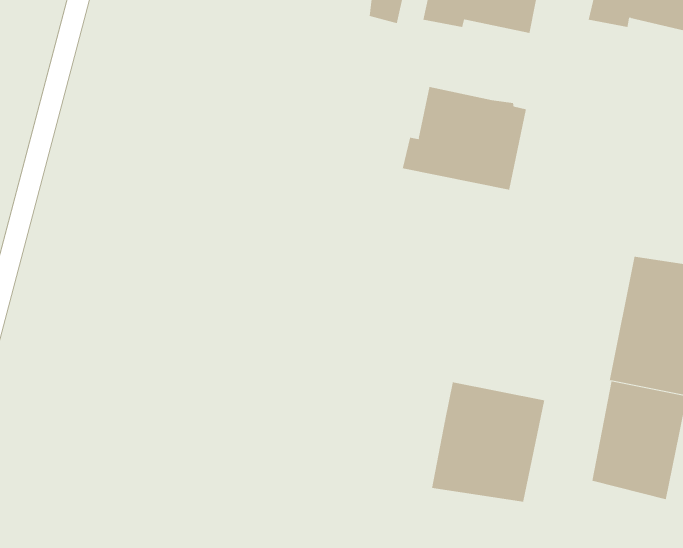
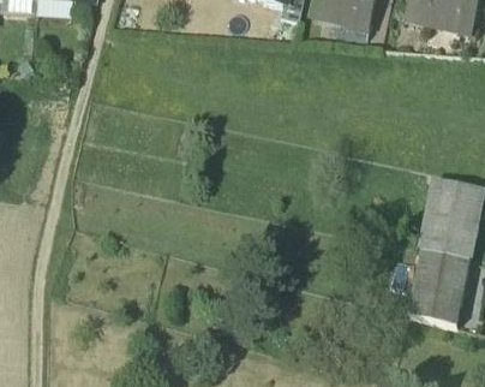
building: [402,86,526,191] -> none
building: [432,381,545,503] -> none

